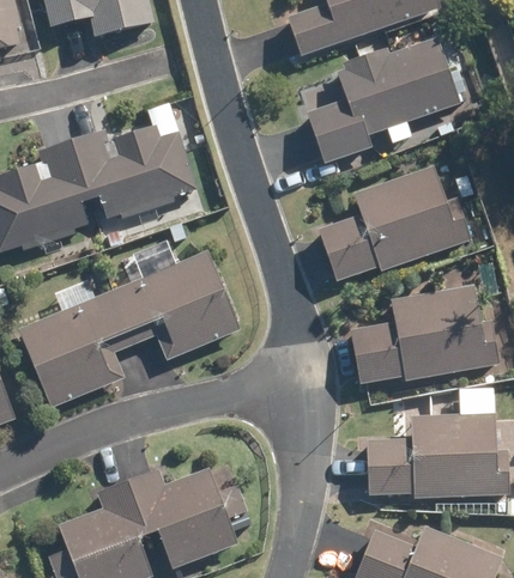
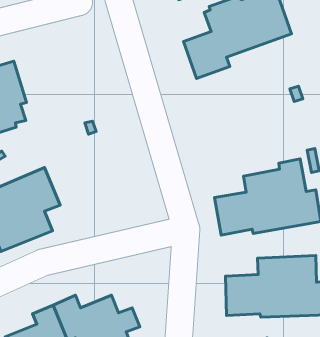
building: [71,114,196,218] -> none
building: [319,166,473,282] -> none
building: [114,251,240,360] -> none

